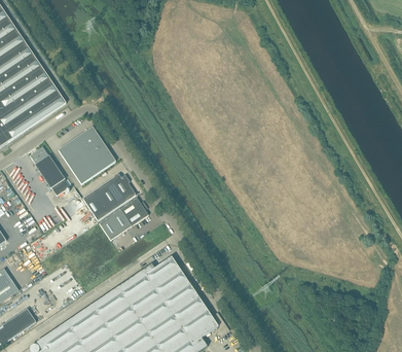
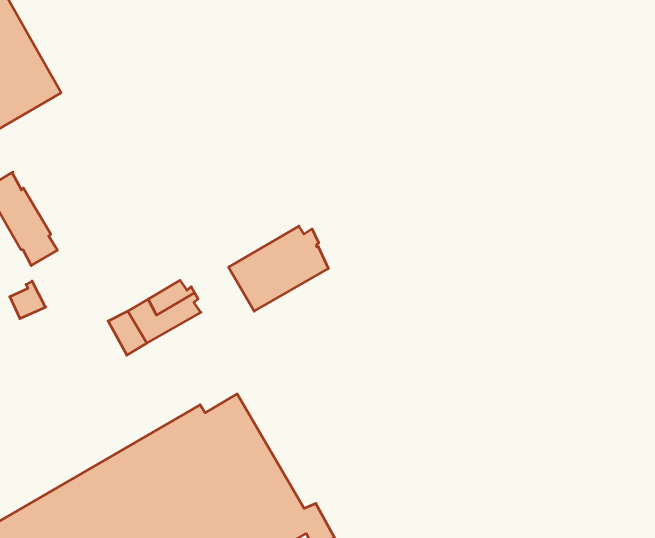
building: [58,126,115,183] -> none
building: [81,173,135,220] -> [229,226,328,311]

